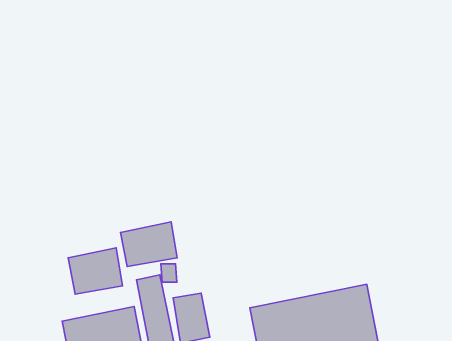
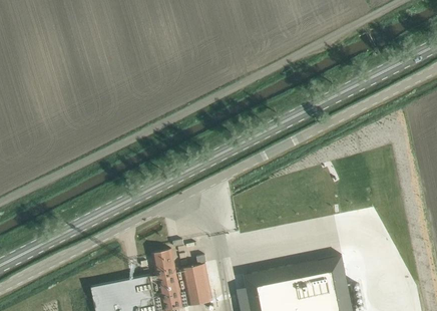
building: [120,222,177,267] -> none
building: [68,248,122,294] -> none

